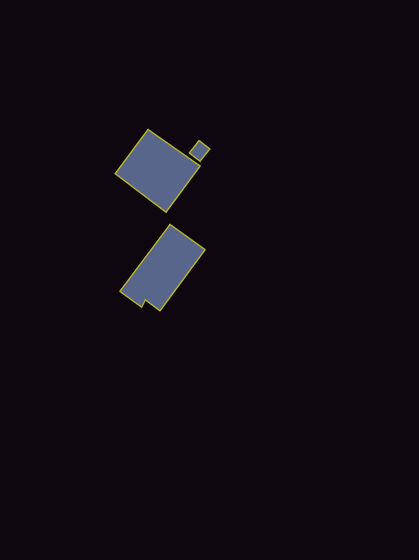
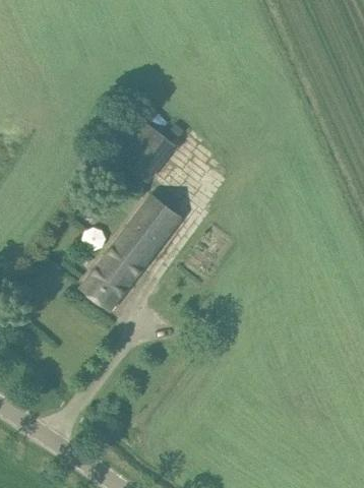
building: none -> [81,249,144,311]

